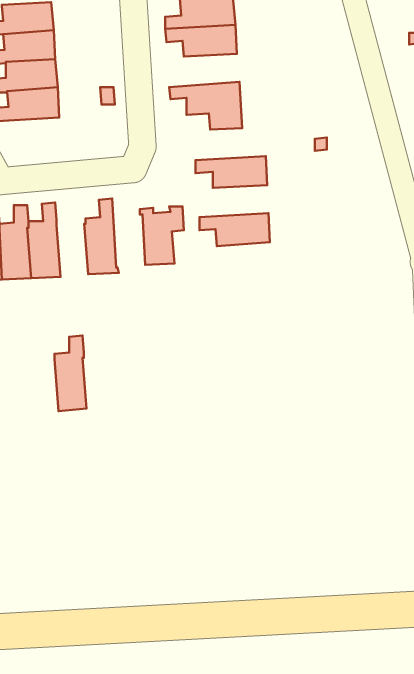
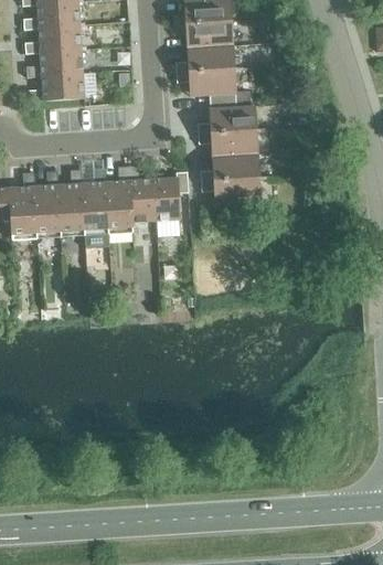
building: none -> [174,45,234,73]
building: none -> [196,106,256,134]
building: none -> [200,154,258,181]
building: none -> [128,166,156,223]
building: [55,335,86,411] -> [82,168,108,231]

